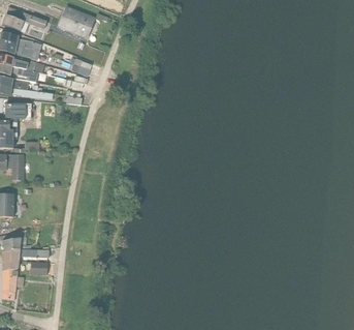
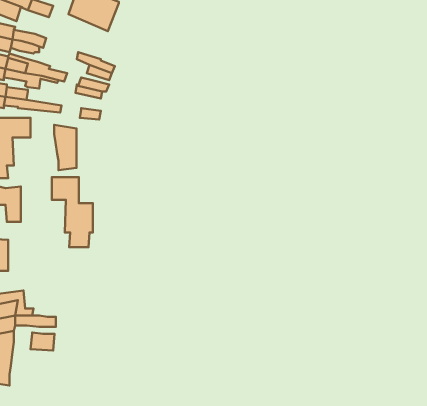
building: none -> [54,125,76,170]
building: none -> [52,177,93,247]

